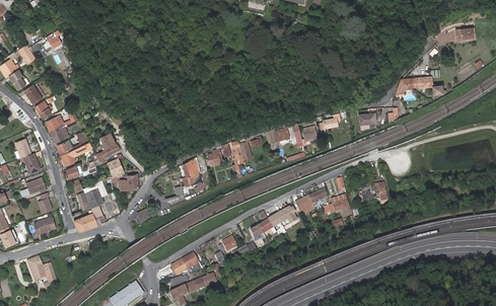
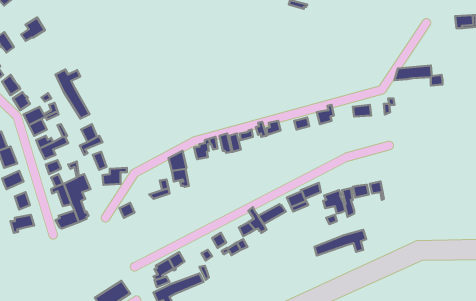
building: none -> [55,69,89,119]
building: none -> [314,230,366,256]
building: [27,256,56,283] -> none

